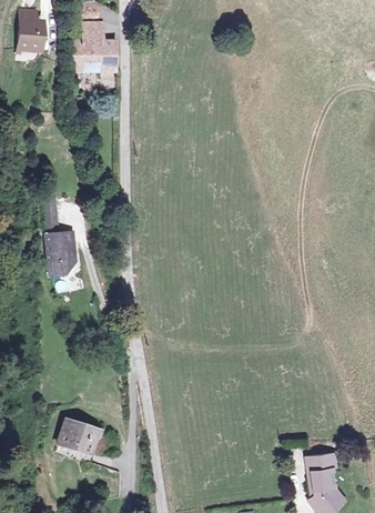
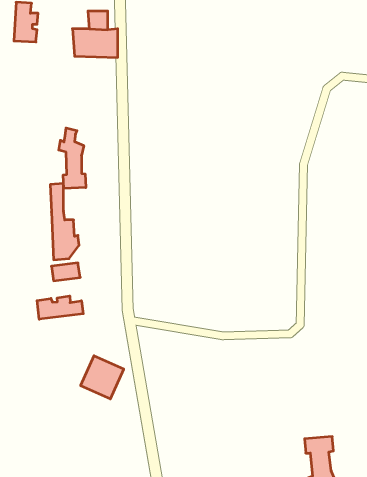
building: none -> [59,128,86,189]
building: none -> [37,296,83,319]
building: [63,421,107,464] -> [81,356,124,399]

